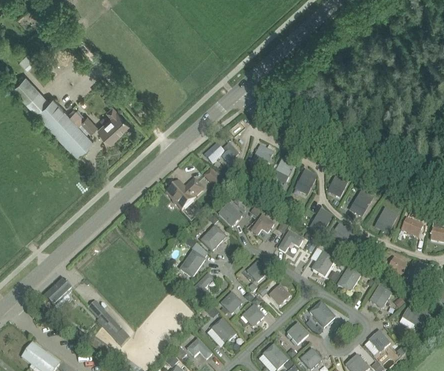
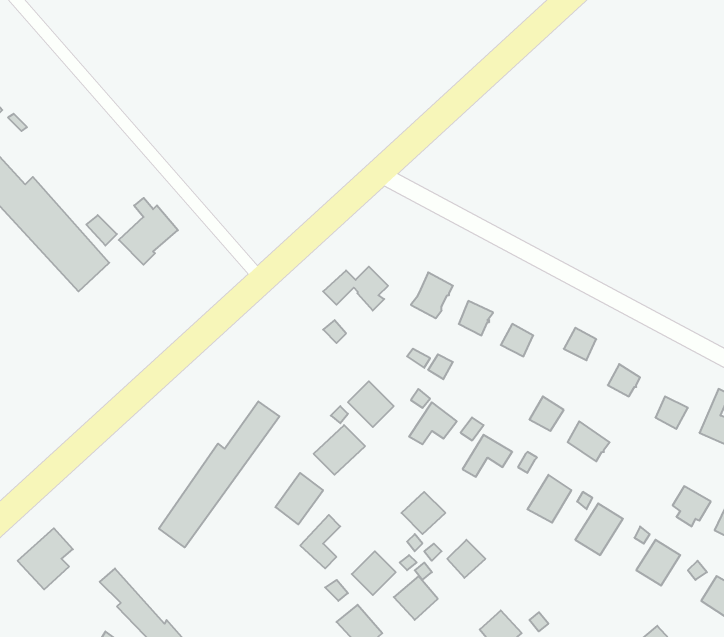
building: [166,179,203,209] -> none
building: none -> [159,401,279,547]
building: [308,300,335,327] -> none

